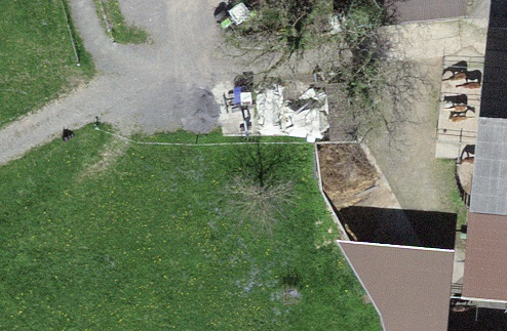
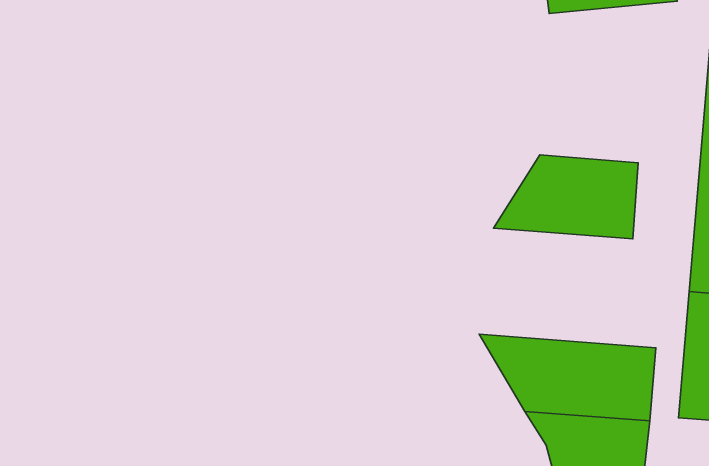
building: none -> [494,155,638,239]

